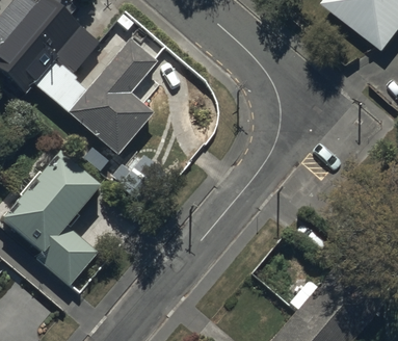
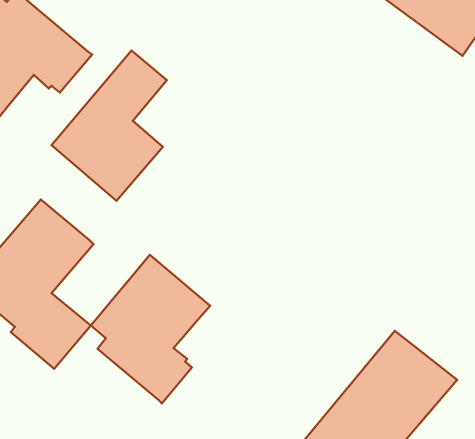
building: [33,60,88,114] -> none
building: none -> [91,255,210,404]

